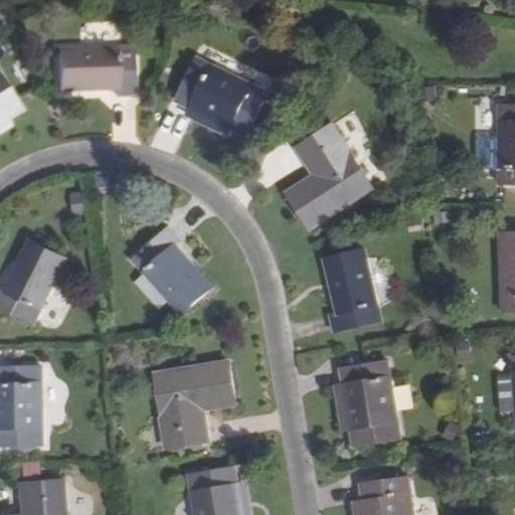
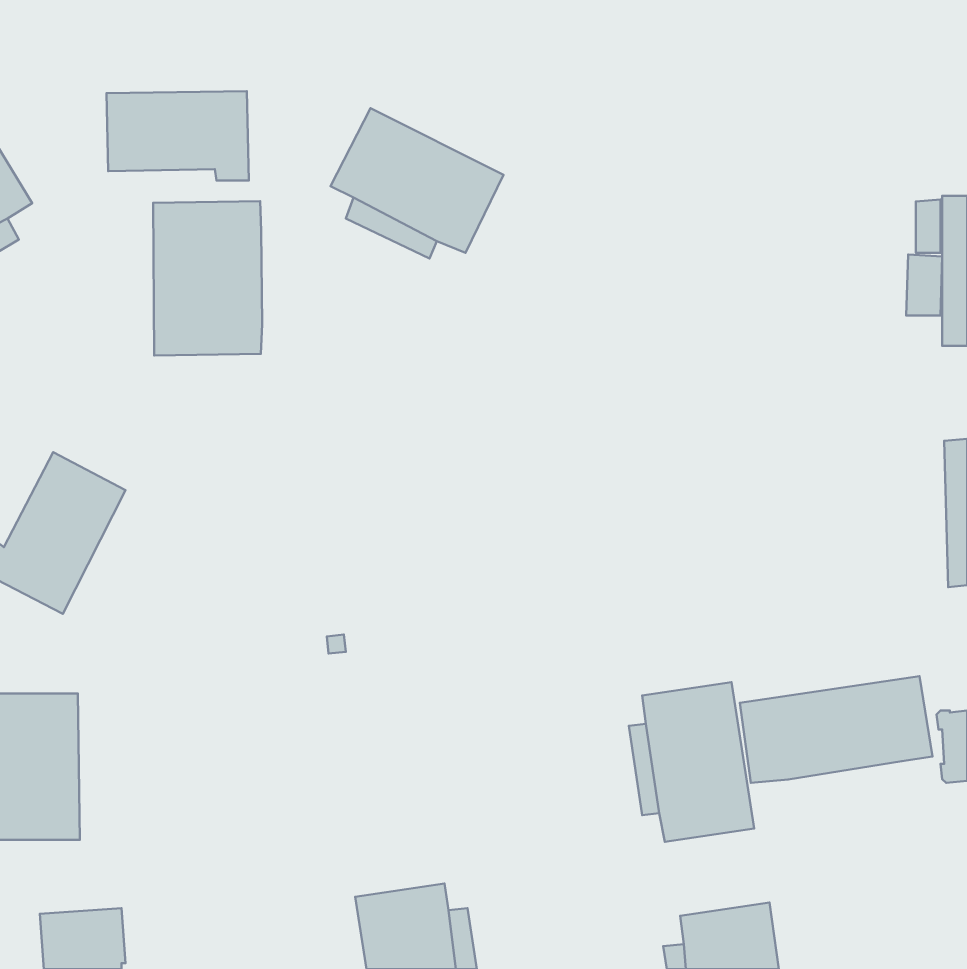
building: none -> [153,201,262,355]
building: [287,124,371,228] -> none
building: [132,228,210,313] -> none
building: [324,249,379,333] -> none
building: none -> [740,676,933,783]
building: [155,360,235,448] -> none

